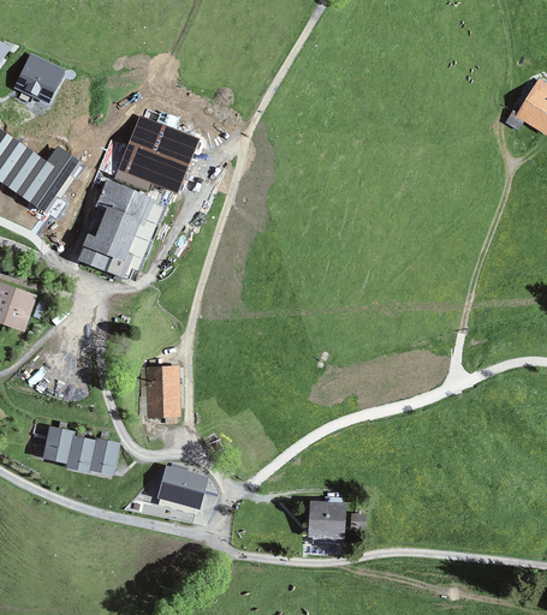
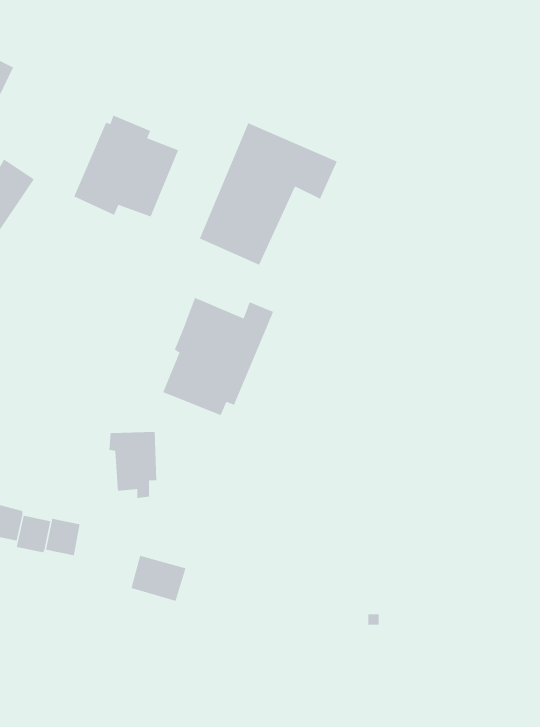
building: none -> [199,122,338,266]
building: [81,181,172,279] -> [162,297,274,416]
building: [313,504,340,542] -> none

